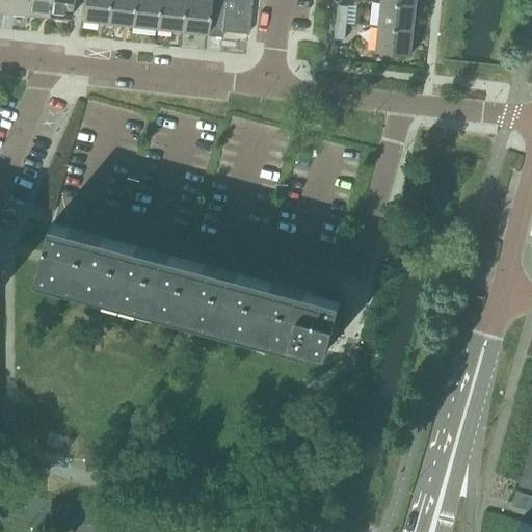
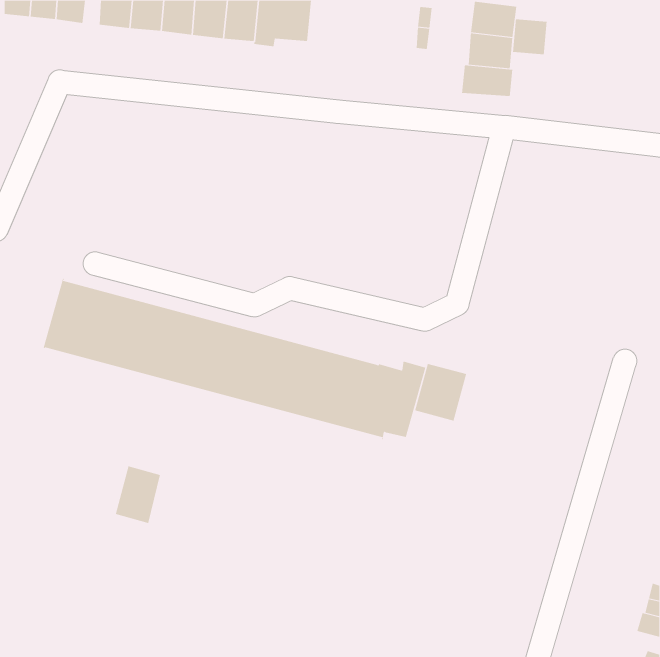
building: none -> [513,18,547,55]
building: none -> [462,65,513,97]
building: none -> [414,363,467,421]
building: none -> [115,465,160,524]

